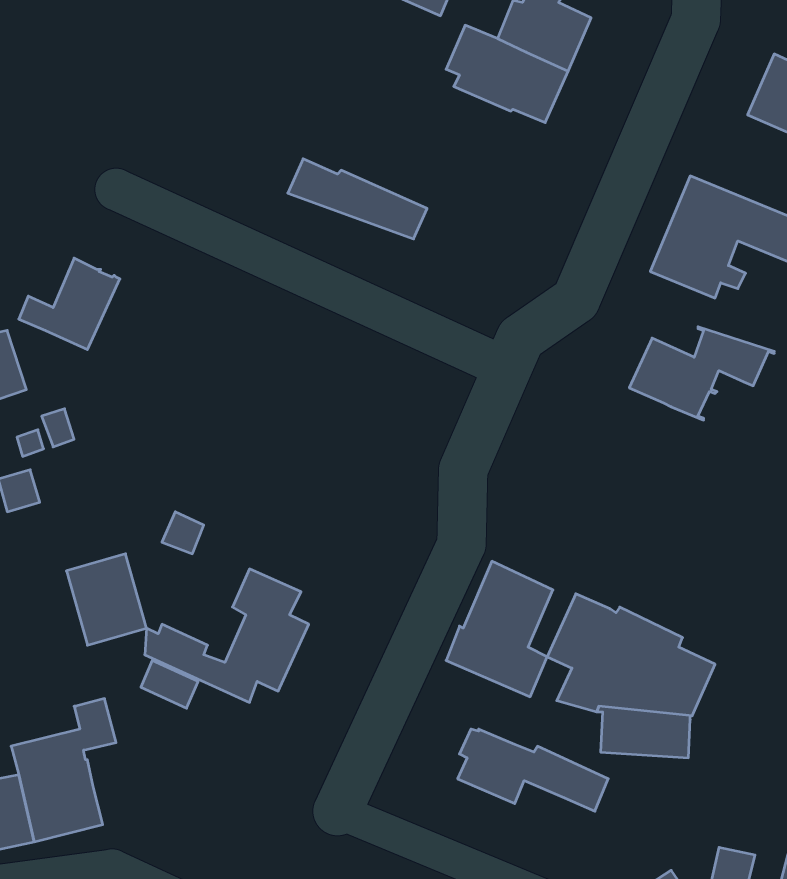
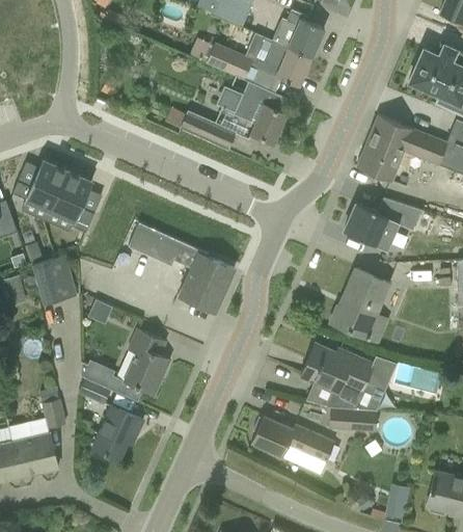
building: none -> [206,43,252,79]
building: none -> [219,81,287,143]
building: none -> [50,170,94,232]
building: none -> [129,224,235,311]
building: [66,554,147,645] -> [33,255,77,304]
building: [446,561,553,697] -> [331,268,389,342]
building: none -> [93,405,143,459]

